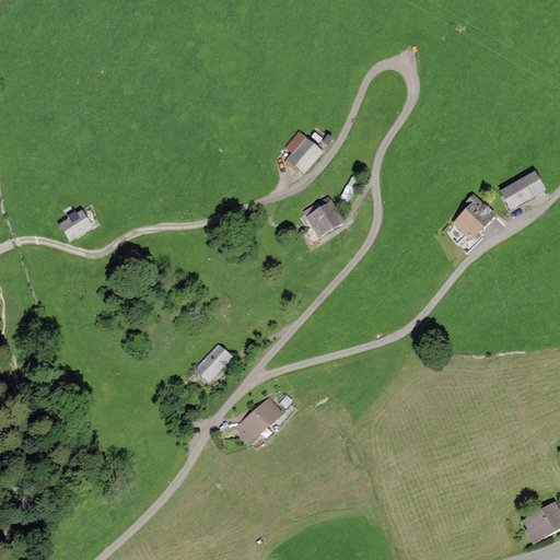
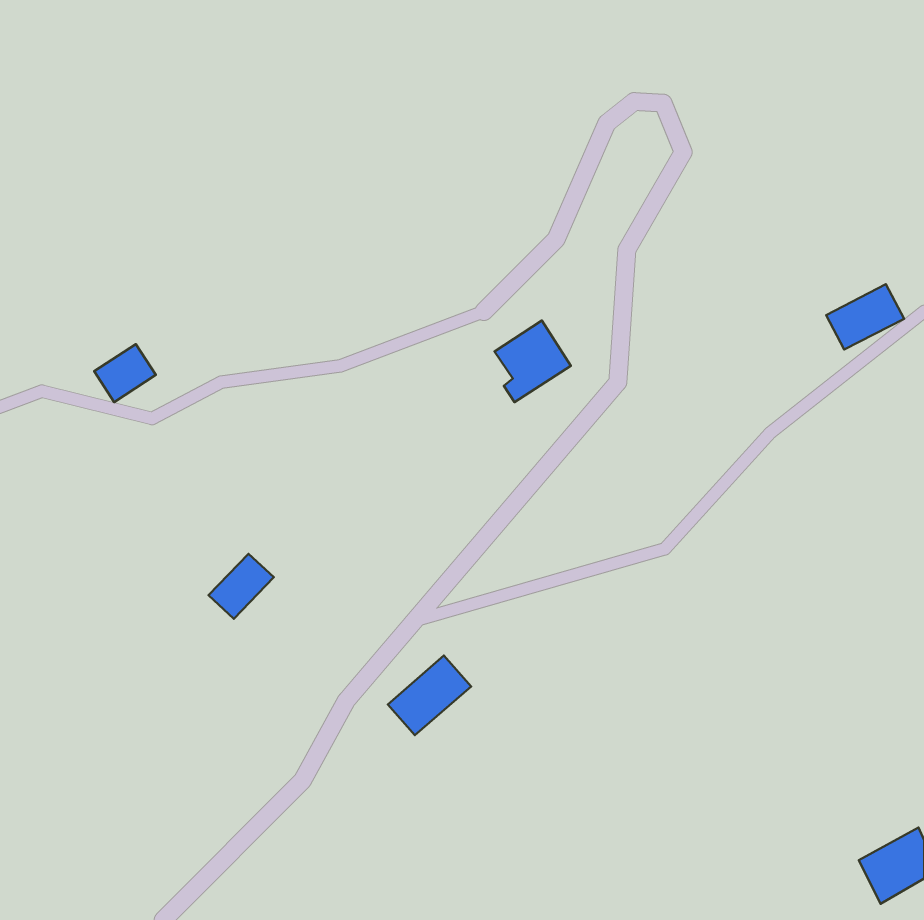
building: [283,129,323,173] -> none
building: [454,191,495,238] -> none
building: [194,343,233,383] -> [208,554,274,619]

